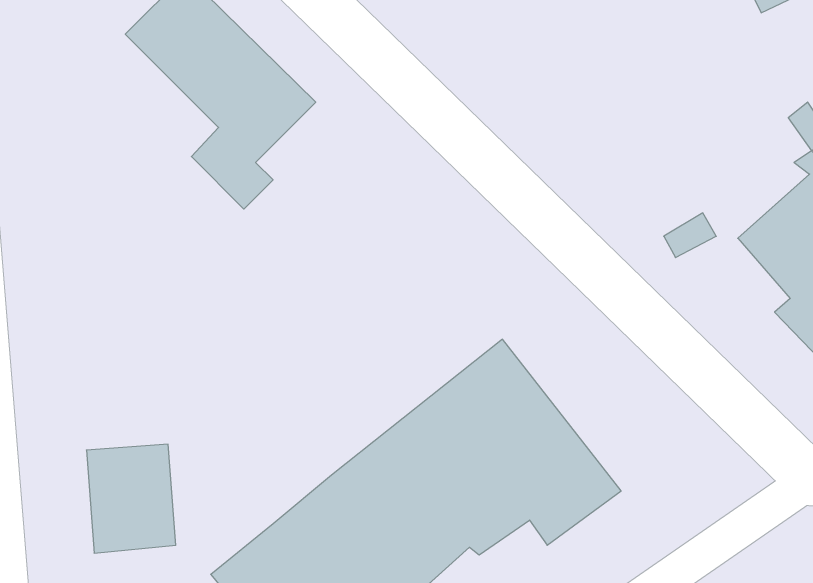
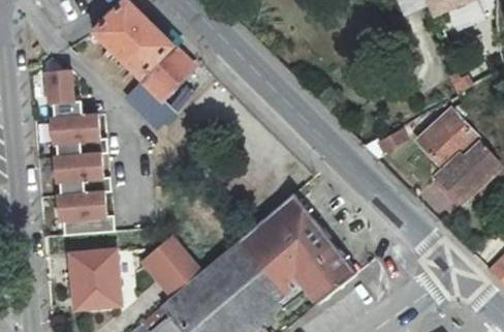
building: none -> [46,67,115,234]
building: none -> [146,235,202,293]

